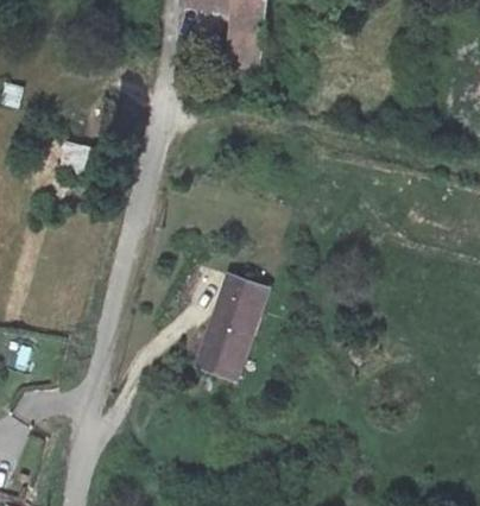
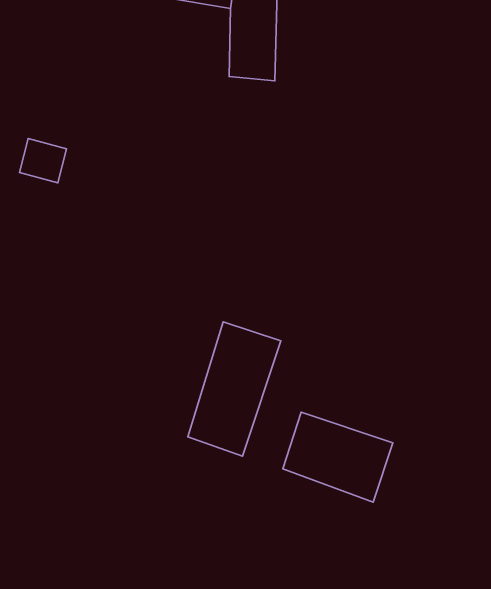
building: none -> [283,412,393,502]

